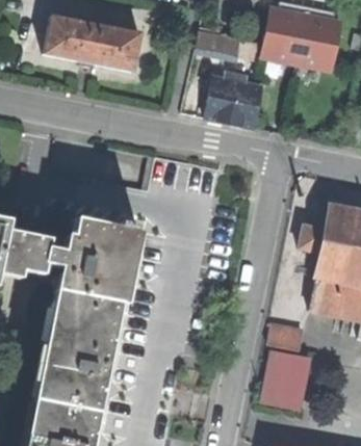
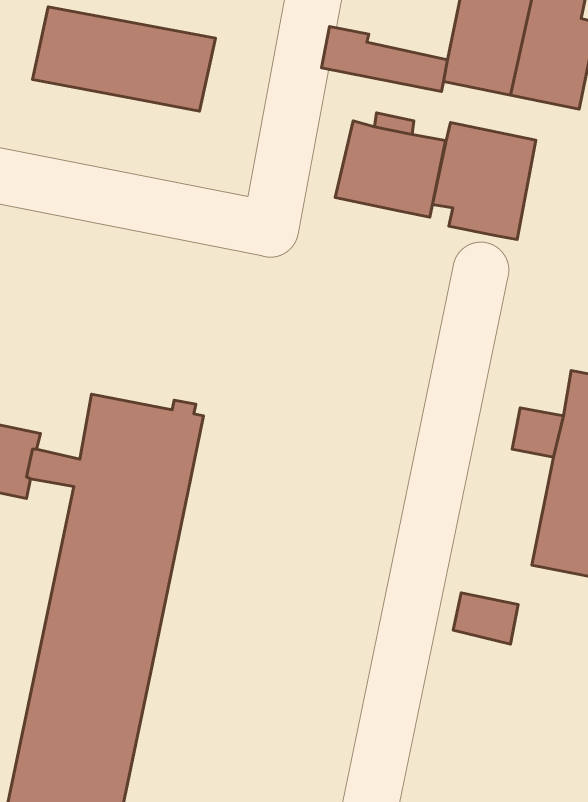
building: none -> [433,122,536,239]
building: [262,352,307,411] -> none

